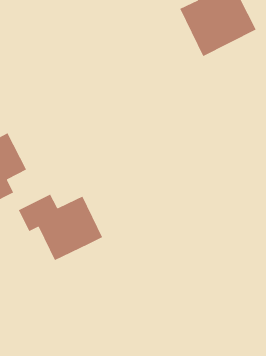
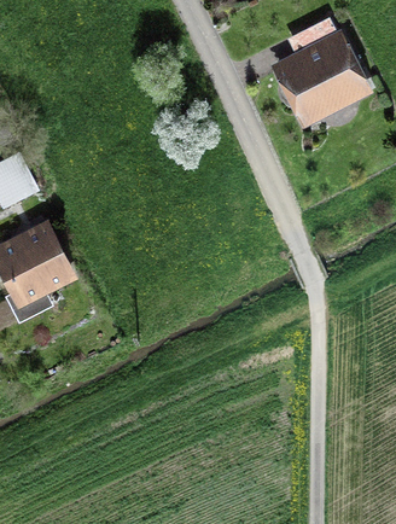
building: [18,193,103,261] -> none

